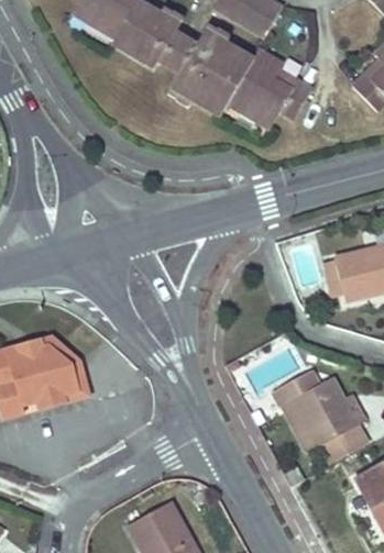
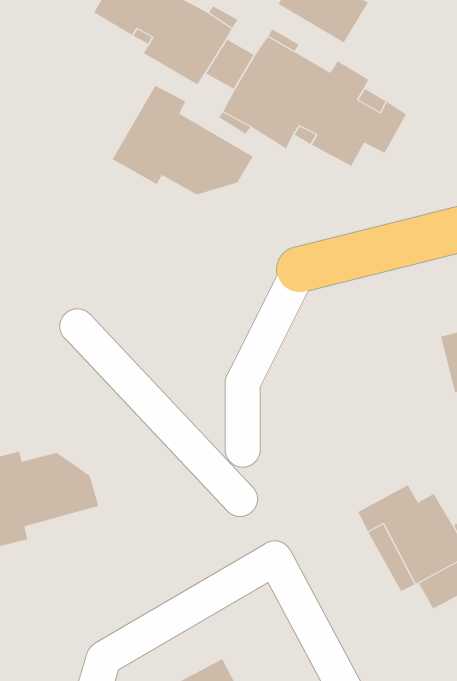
building: none -> [112,85,254,195]
building: [17,334,89,411] -> none

